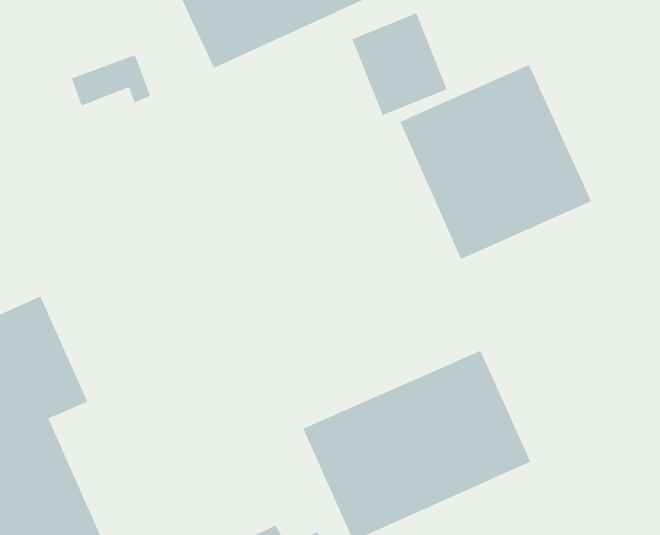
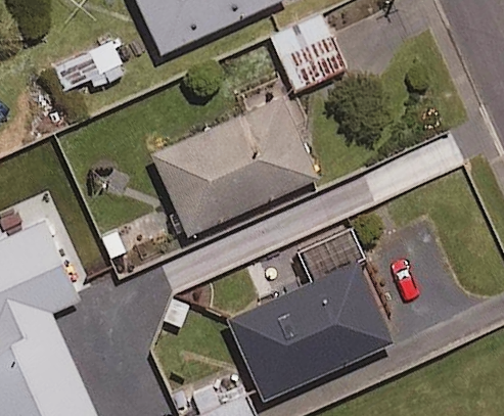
building: [400,64,592,260] -> none
building: none -> [154,95,322,235]

